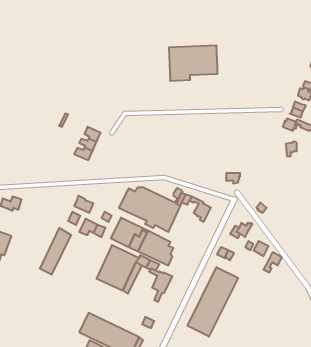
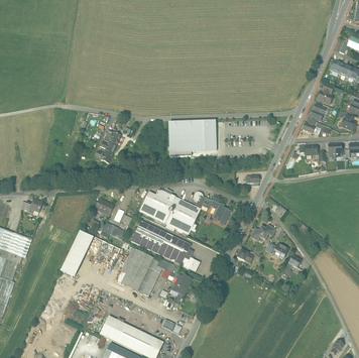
building: [169,45,218,81] -> [168,121,217,156]
building: [187,267,238,337] -> none

